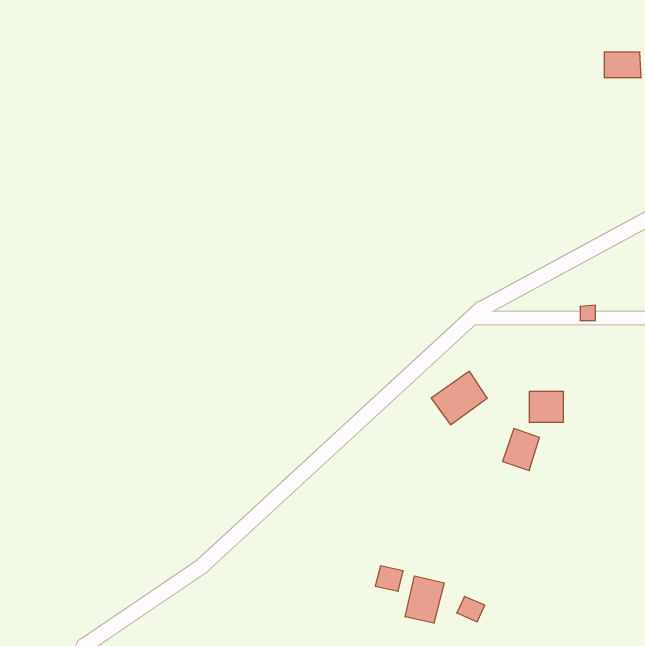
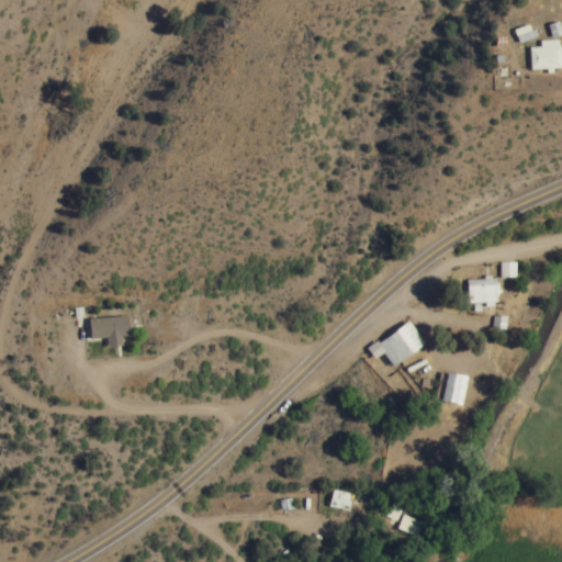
building: none -> [93,318,133,338]
building: [529,392,564,422] -> [470,279,499,305]
building: [405,576,444,623] -> none

